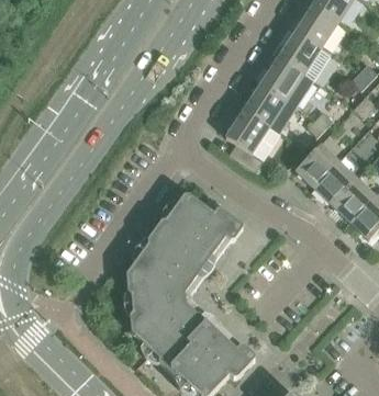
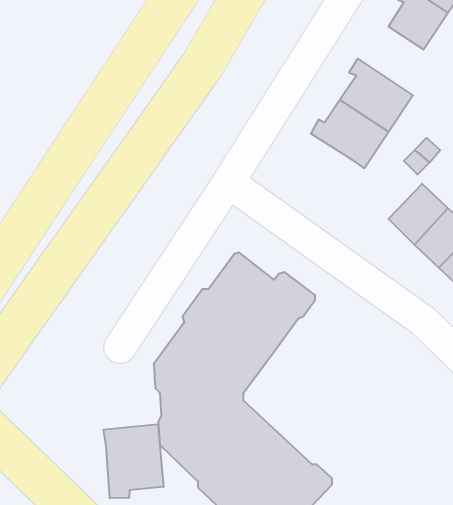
building: [274,31,331,80] -> none
building: [225,108,269,172] -> none
building: none -> [103,424,164,498]

